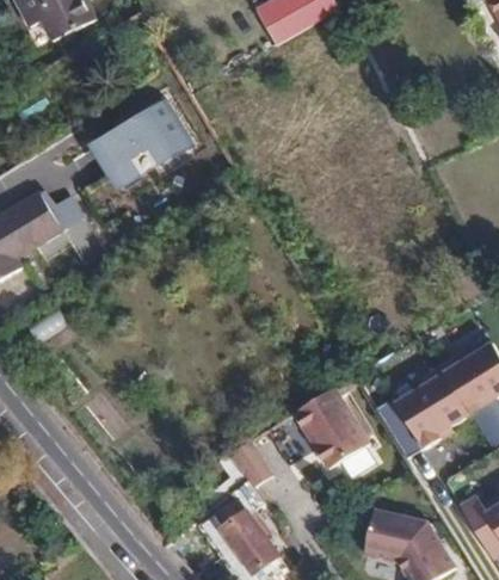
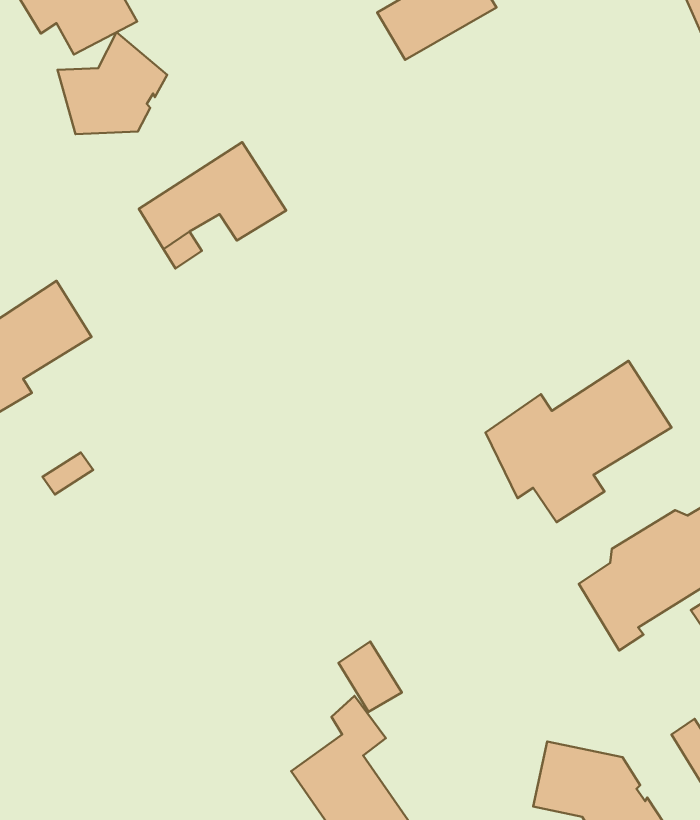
building: none -> [58,32,167,134]
building: none -> [485,361,672,522]
building: [290,385,366,465] -> none

